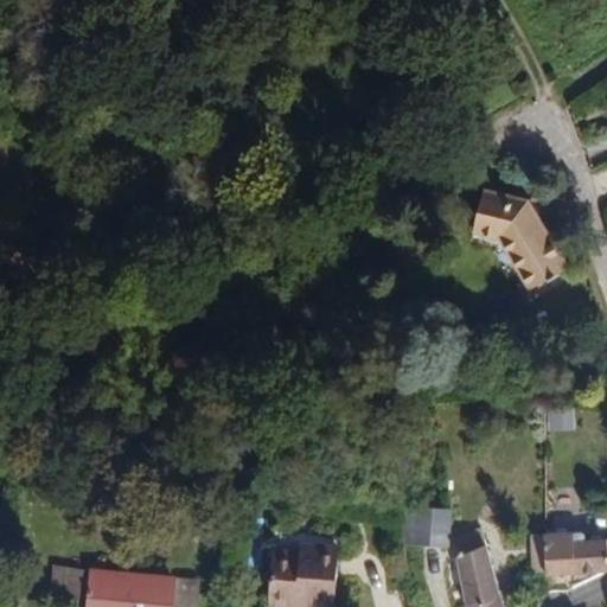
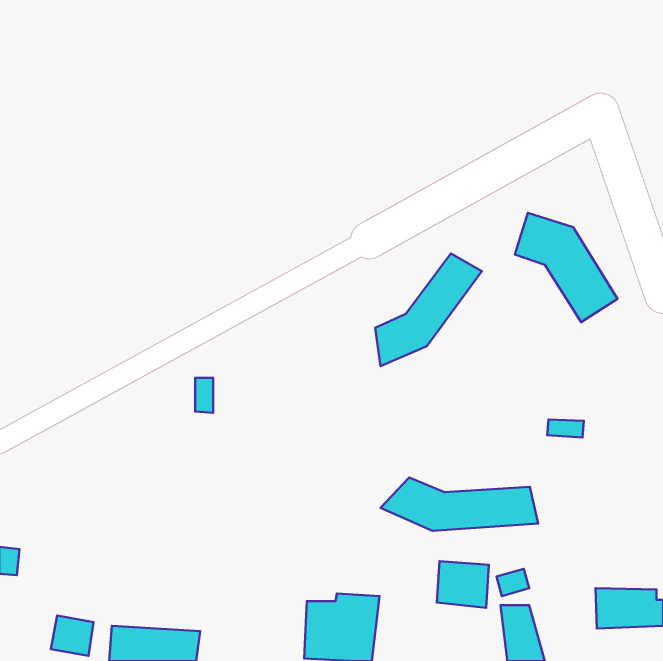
building: none -> [375,254,482,366]
building: none -> [380,477,538,531]

